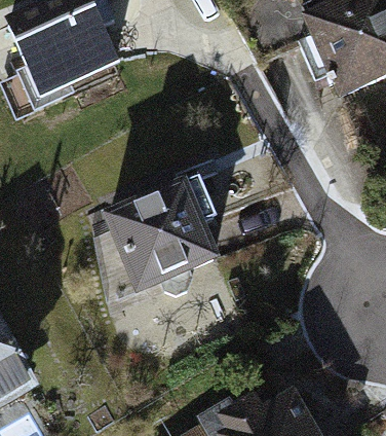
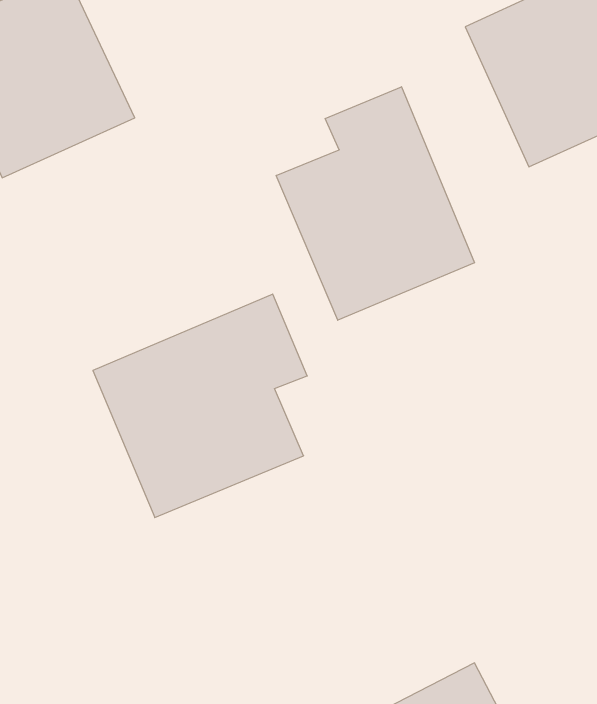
building: none -> [276,87,475,320]

